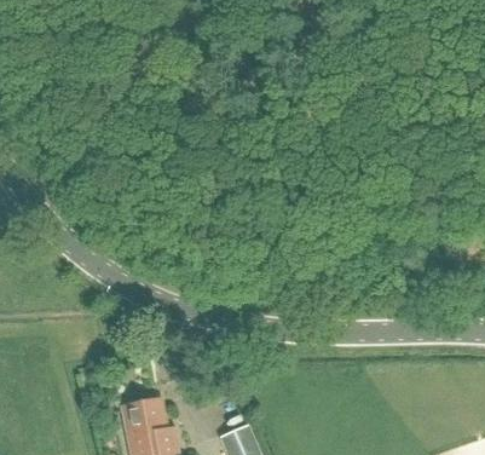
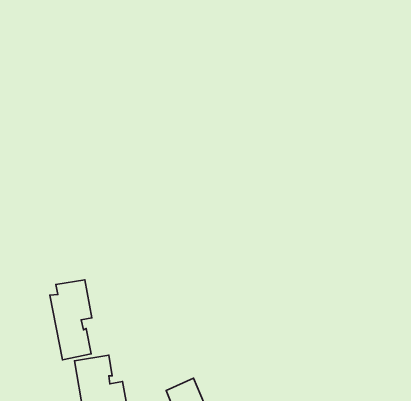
building: none -> [50,280,92,360]

